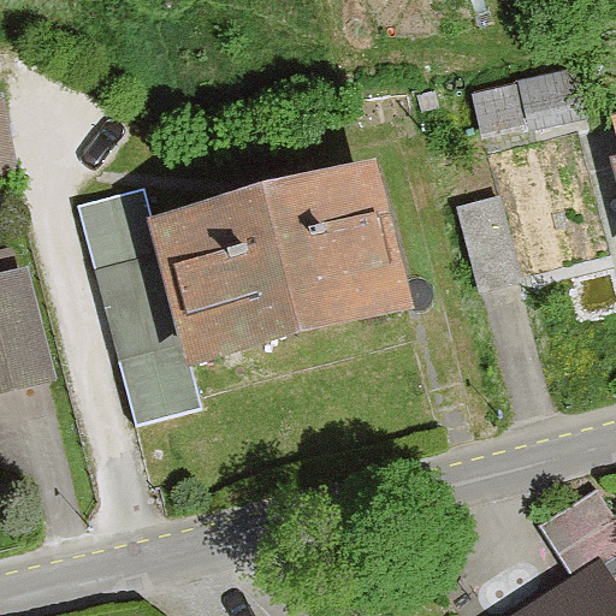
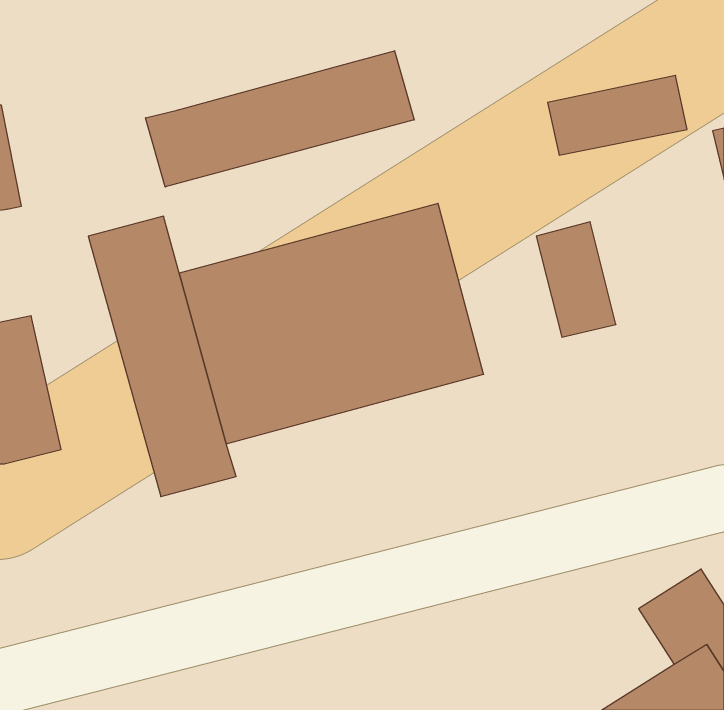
building: none -> [146,51,414,187]

